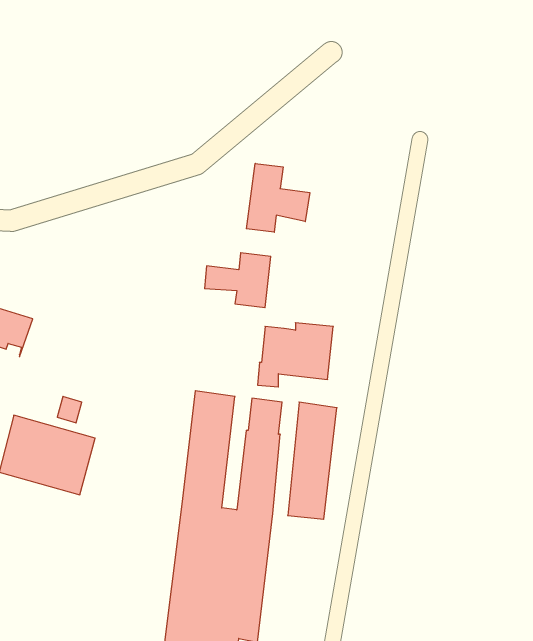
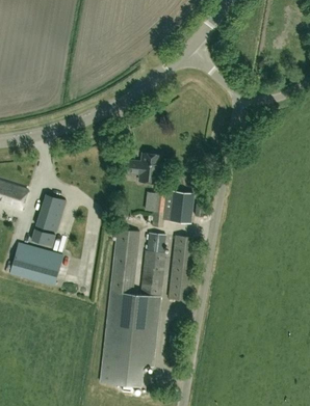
building: [246,163,310,232] -> none
building: none -> [36,194,67,232]

